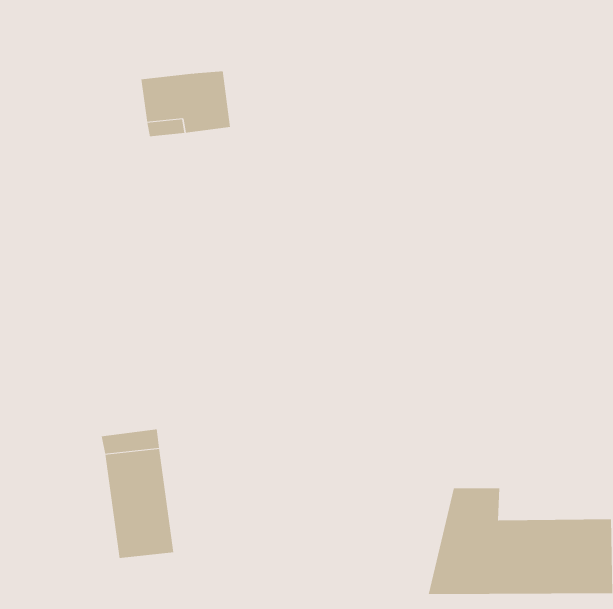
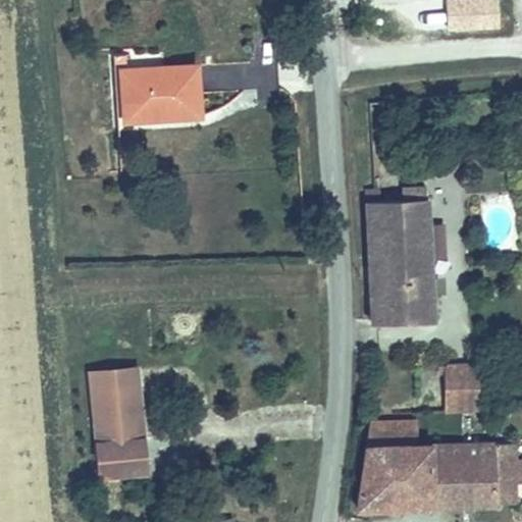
building: none -> [369,199,429,331]
building: none -> [451,371,483,410]

